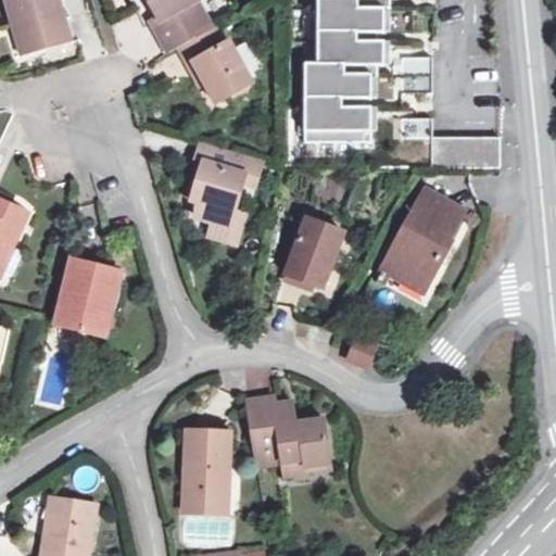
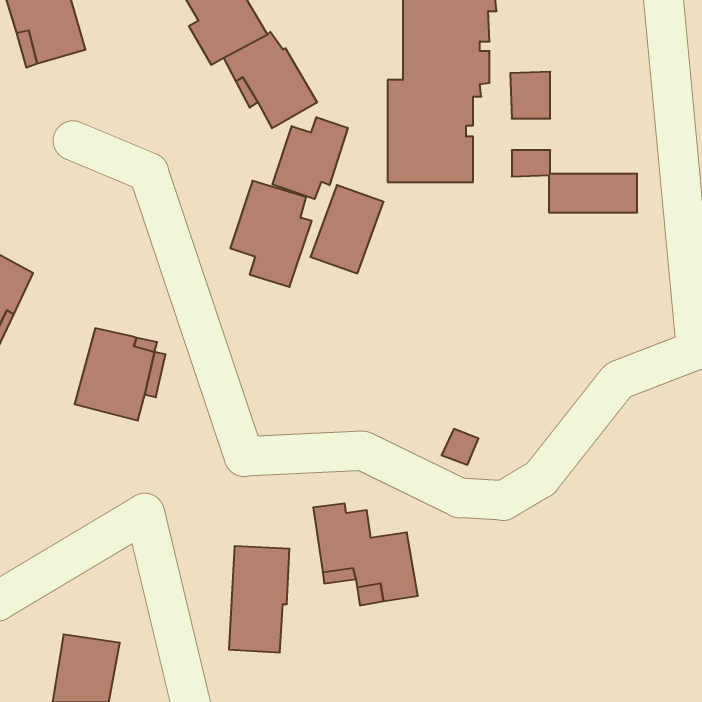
building: none -> [273,117,348,199]
building: [381,191,462,292] -> none
building: [285,218,342,288] -> [310,185,384,273]

